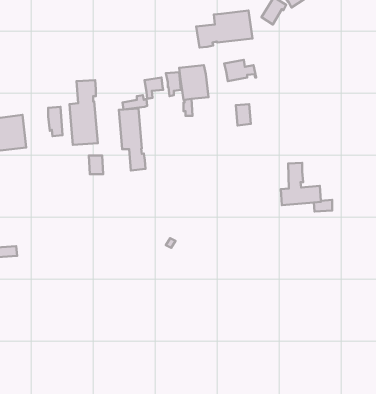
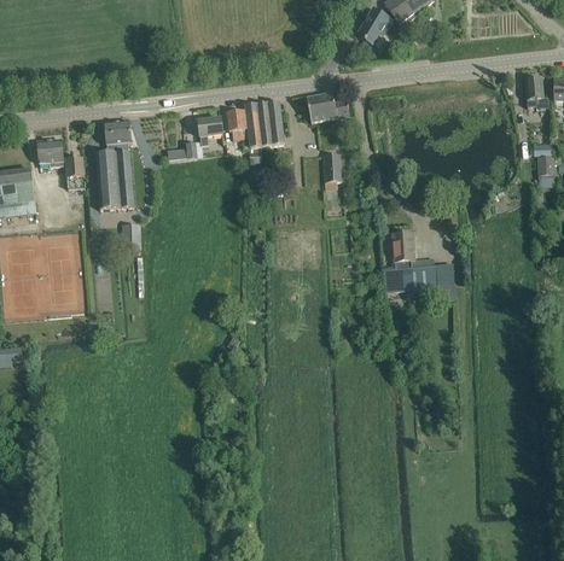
building: [196,11,253,47] -> none
building: none -> [37,139,64,166]
building: [119,108,145,170] -> none

